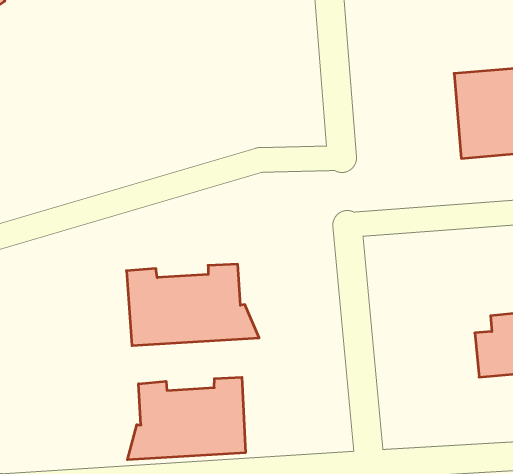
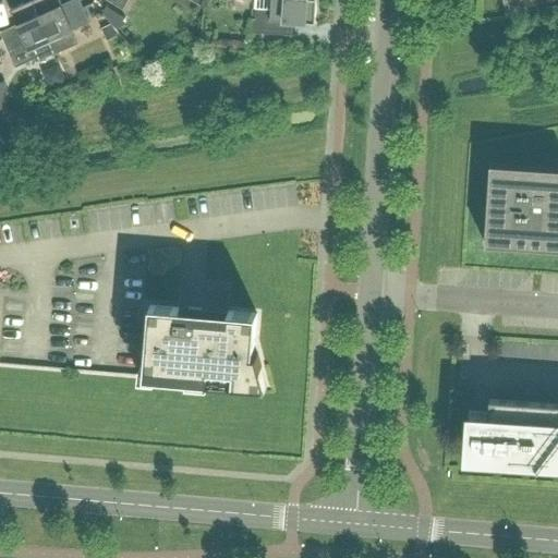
building: [127,377,245,460] -> none

